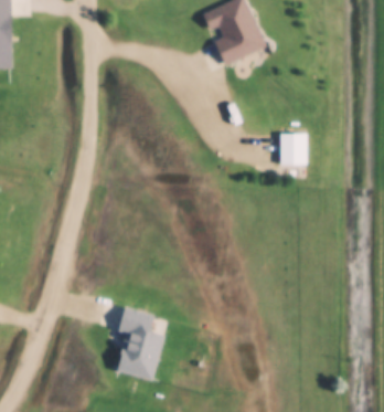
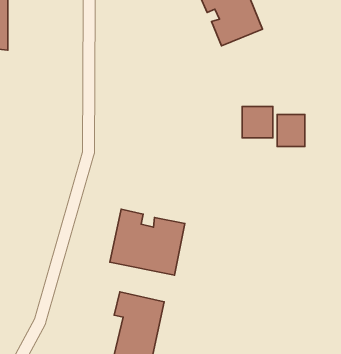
building: none -> [242,106,273,138]
building: none -> [110,209,185,275]

